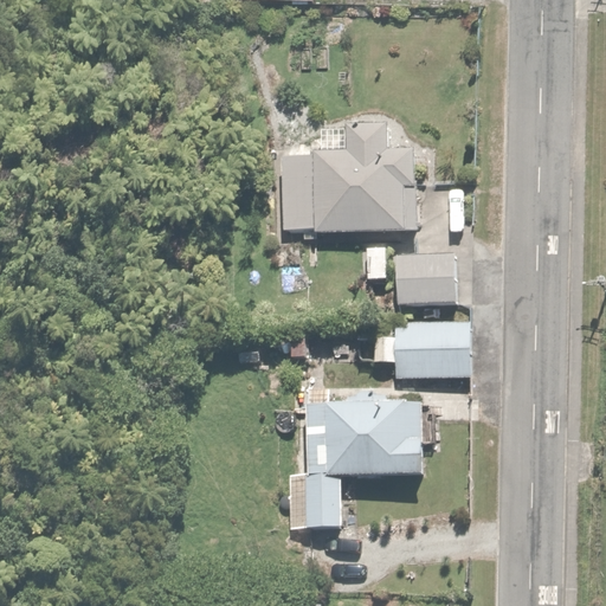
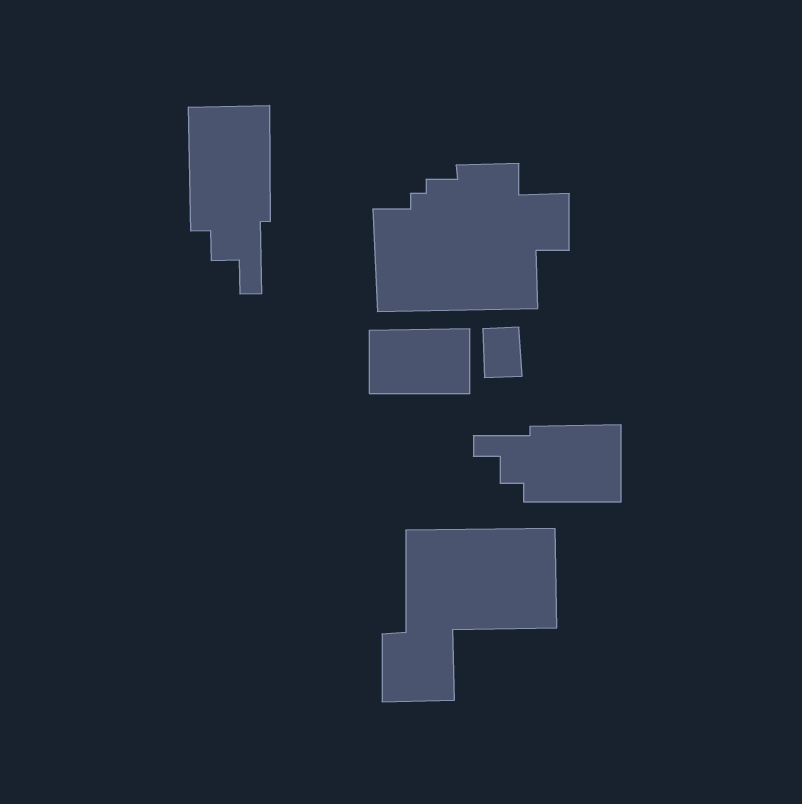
building: none -> [189,105,270,294]
building: [397,257,472,305] -> [369,329,470,393]

